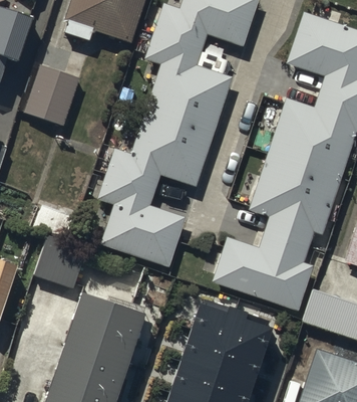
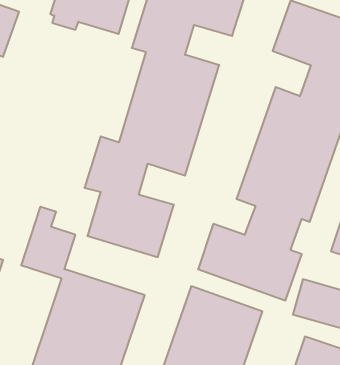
building: [25,64,79,125] -> none

